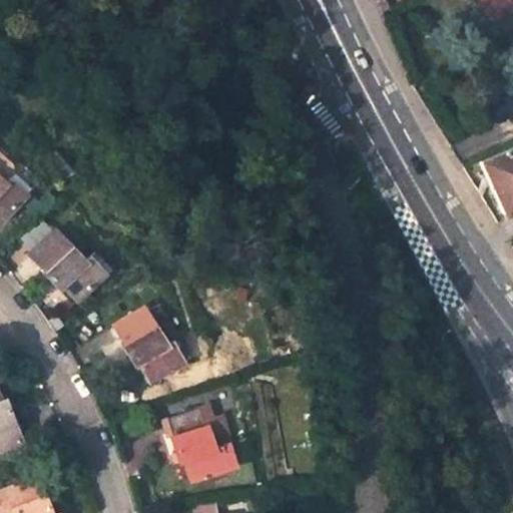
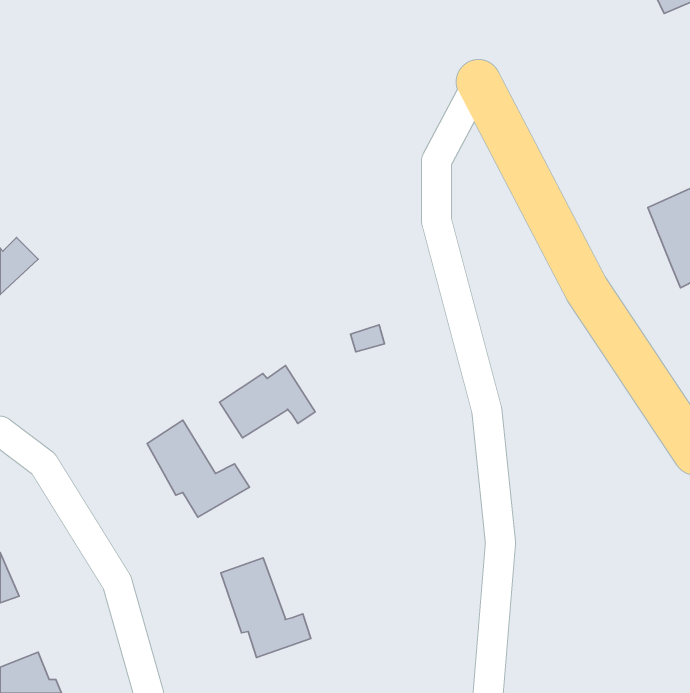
building: [30,235,109,302] -> none
building: none -> [220,366,315,438]
building: [198,406,234,455] -> none

